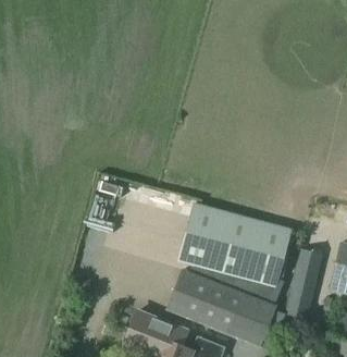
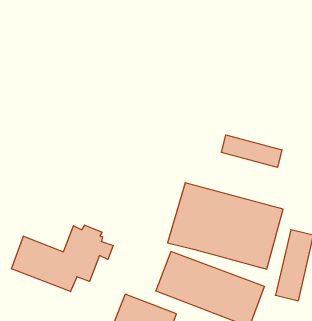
building: none -> [221,135,282,167]
building: none -> [12,225,113,292]

